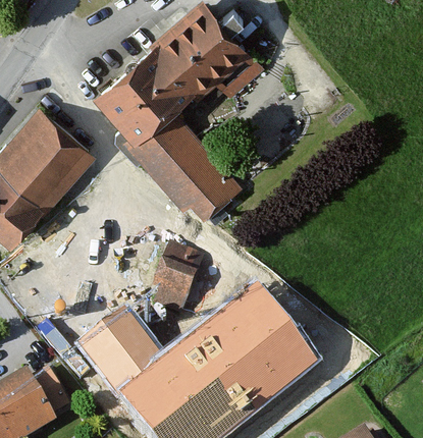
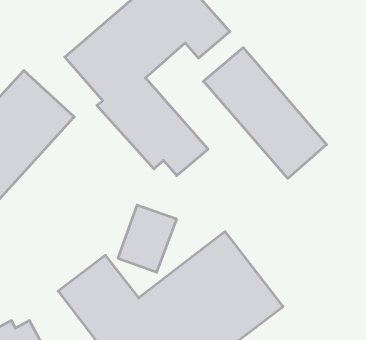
building: none -> [203,48,327,178]

